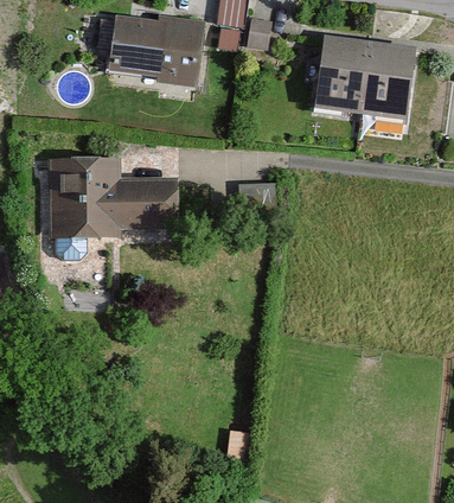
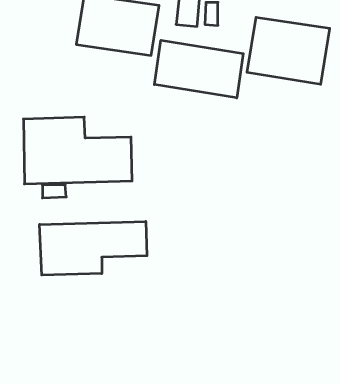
building: none -> [154,40,243,98]
building: none -> [40,221,147,275]

